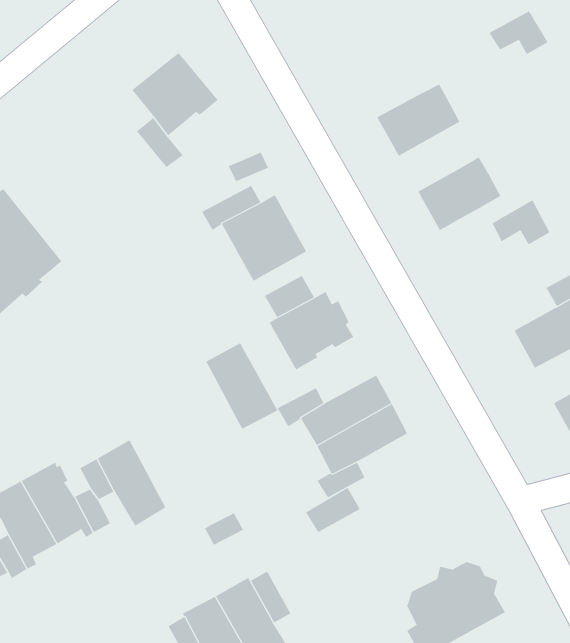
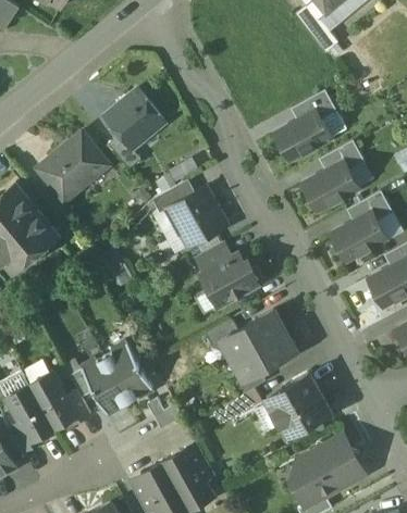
building: [489,11,549,55] -> [296,90,337,121]
building: none -> [37,132,107,200]
building: none -> [324,140,366,172]
building: none -> [330,212,387,263]
building: [206,343,278,430] -> [103,342,153,402]
building: none -> [267,375,329,436]

